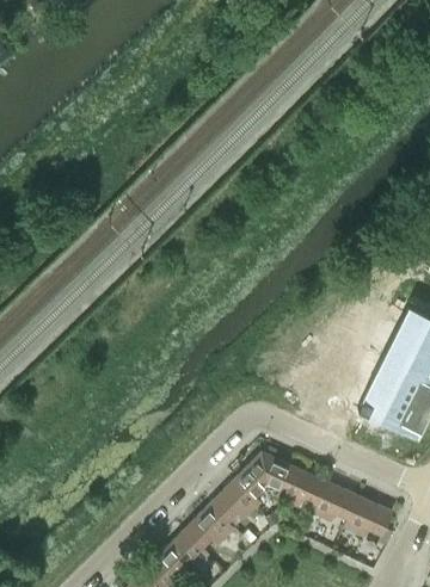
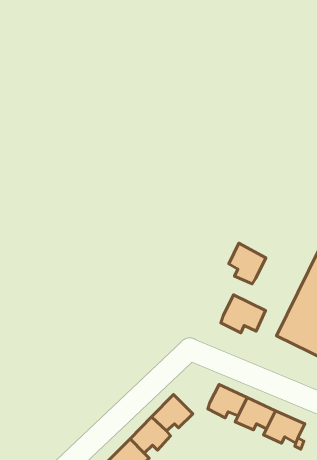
building: none -> [229,243,266,284]
building: none -> [221,295,266,333]
building: [238,453,291,495] -> none

